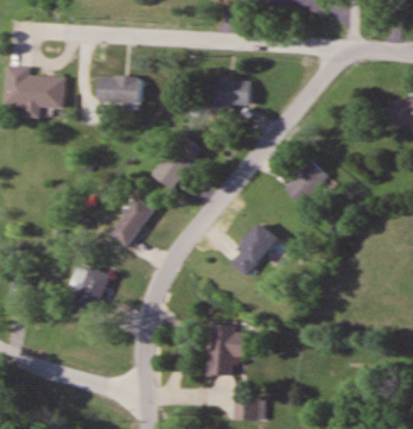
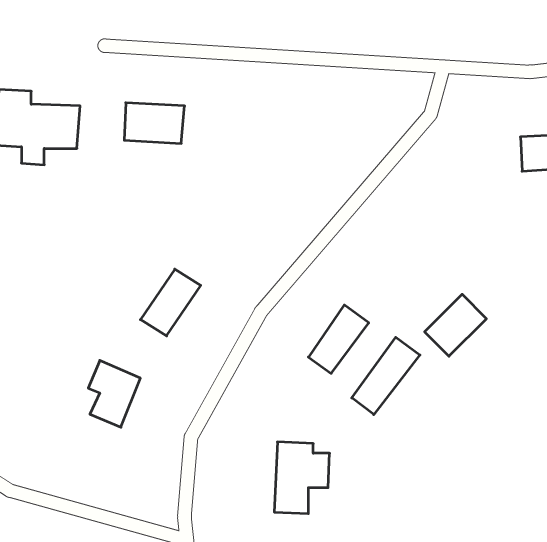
building: [211,77,249,111] -> none
building: [151,134,202,191] -> none
building: [284,162,329,207] -> [425,294,486,356]
building: none -> [352,337,420,415]

